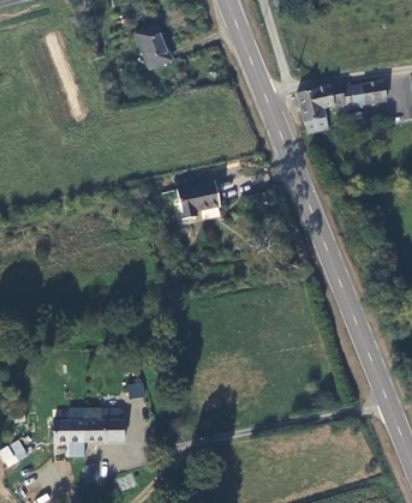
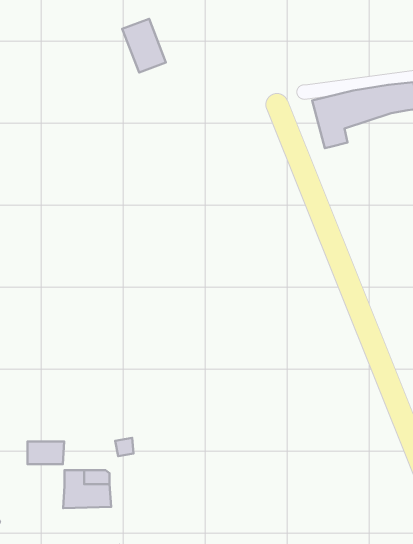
building: [180,182,219,218] -> none
building: [54,423,85,442] -> [28,442,64,464]

